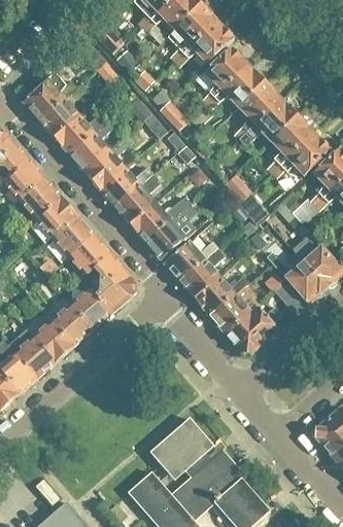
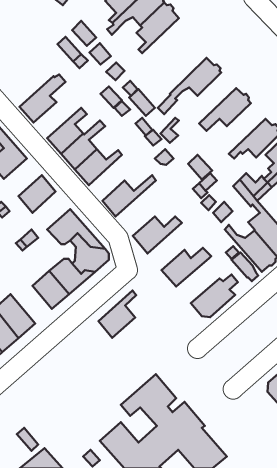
building: [175,21,234,66] -> none
building: [202,47,247,105] -> none
building: [23,72,76,119] -> none
building: [235,81,280,138] -> none
building: [54,114,107,154] -> none
building: [268,115,313,172] -> none
building: [115,173,159,224] -> none
building: [21,177,63,219] -> none
building: [145,198,203,259] -> none
building: [53,214,95,256] -> none
building: [181,249,224,302] -> [98,291,136,338]
building: [213,288,263,339] -> none
building: [34,319,74,361] -> none

